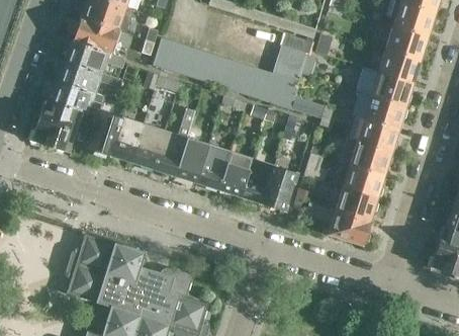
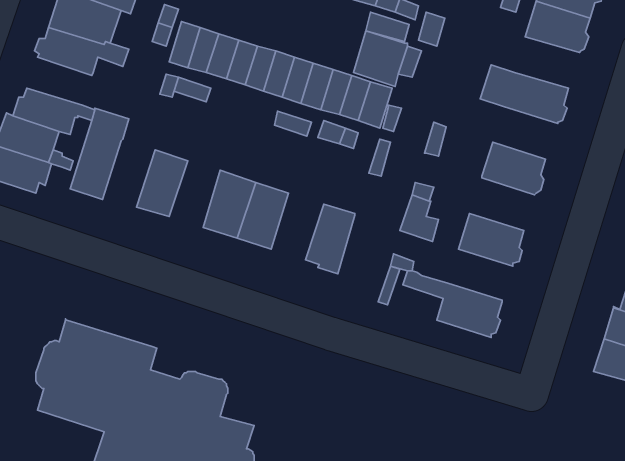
building: [377,49,422,82] -> none
building: [58,62,122,93] -> none
building: [363,94,406,129] -> none
building: [152,107,193,173] -> none
building: [108,115,143,160] -> none
building: [338,137,391,175] -> none
building: [218,151,253,194] -> none
building: [262,164,295,211] -> none
building: [313,187,377,221] -> none

